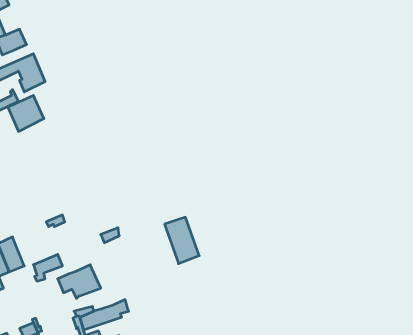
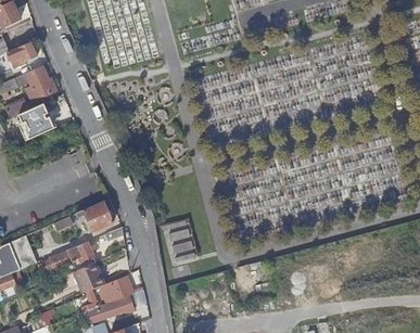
building: none -> [82,202,112,231]
building: none -> [66,242,93,271]
building: none -> [101,278,144,304]

